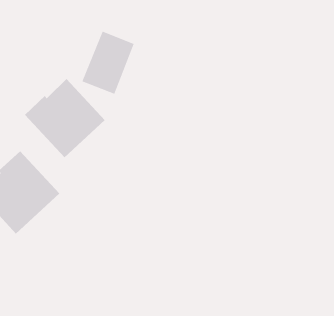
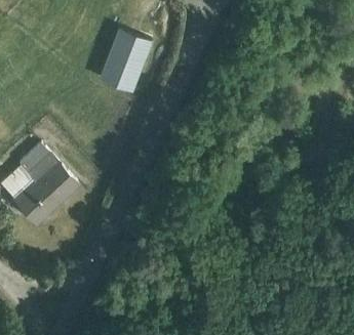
building: [24,78,106,158] -> none

